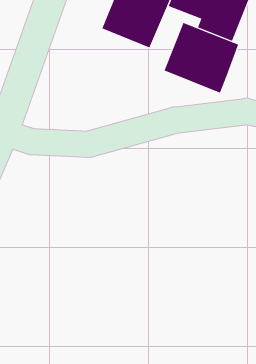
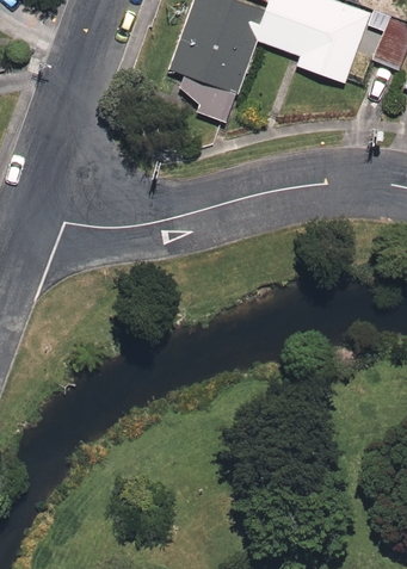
building: [164,22,239,94] -> none

